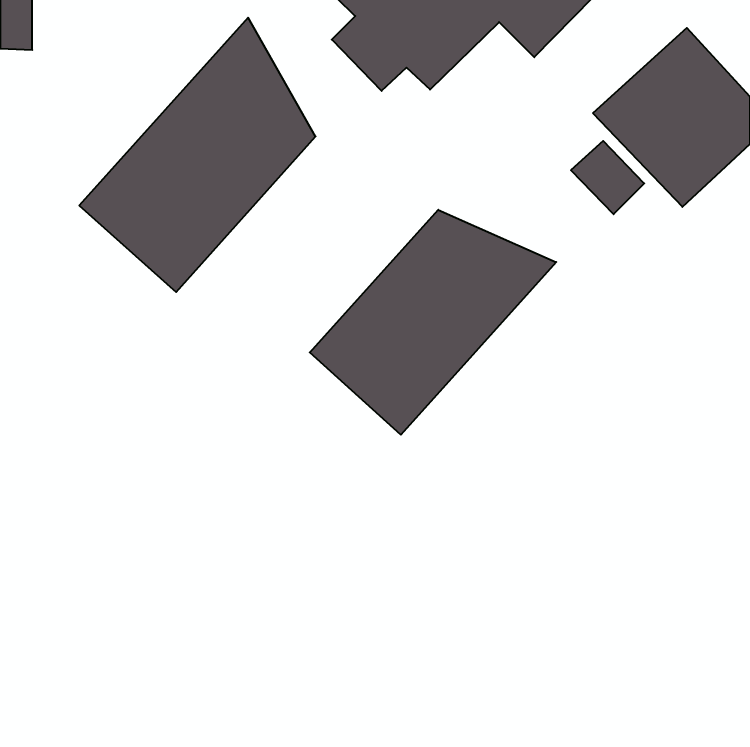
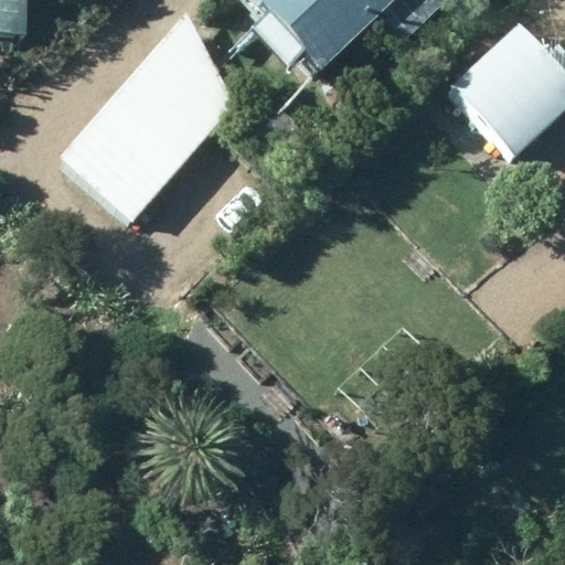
building: [310,210,556,435] -> none

